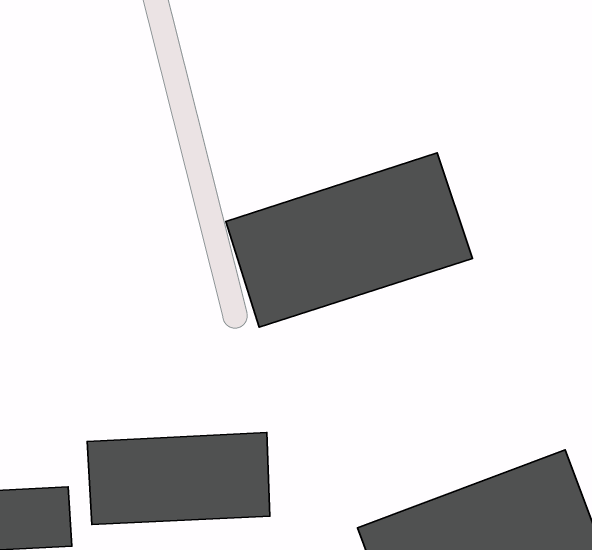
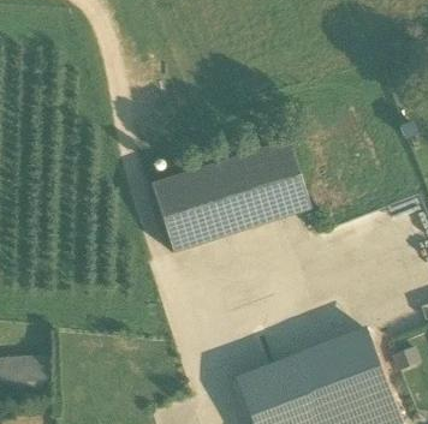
building: [87,433,270,525] -> none

